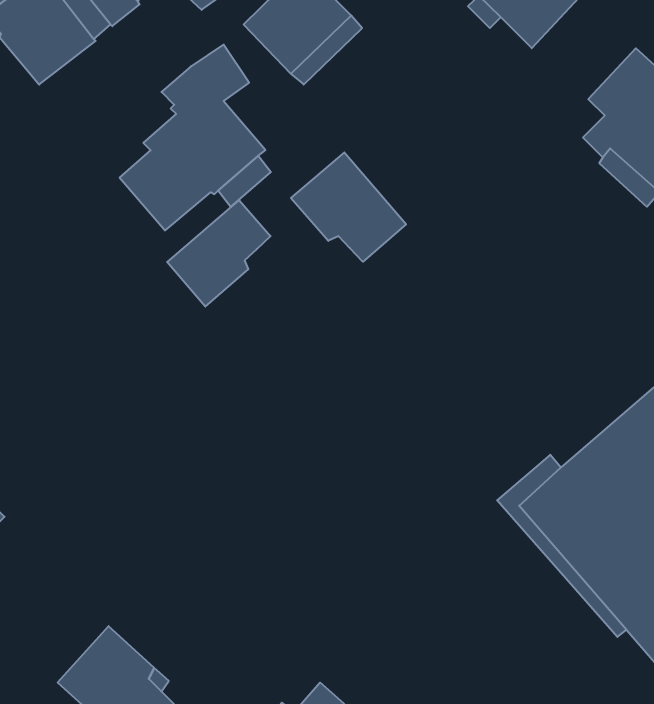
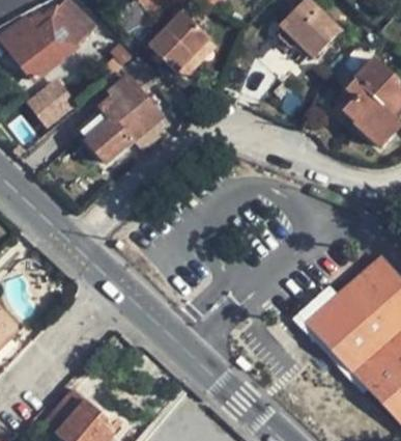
building: none -> [25,77,77,128]
building: [291,152,406,262] -> none
building: [167,200,271,307] -> none

